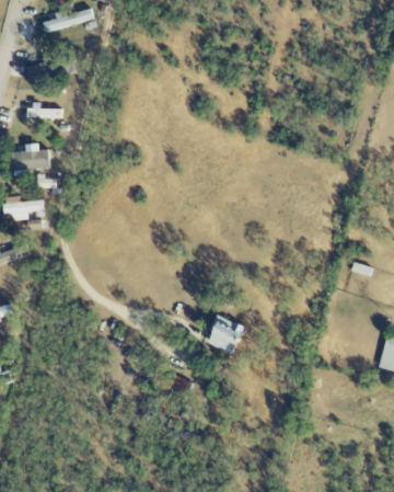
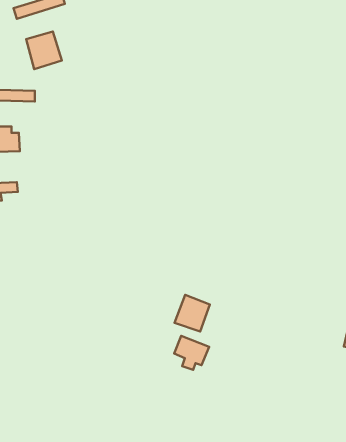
building: none -> [26,32,62,69]
building: none -> [174,336,209,370]

